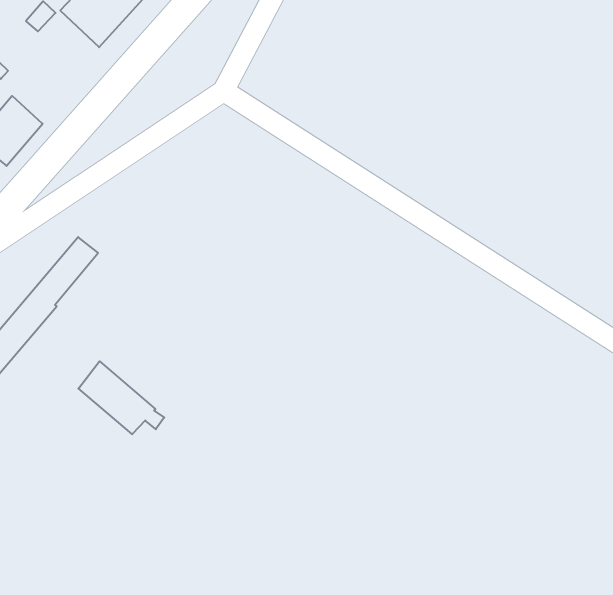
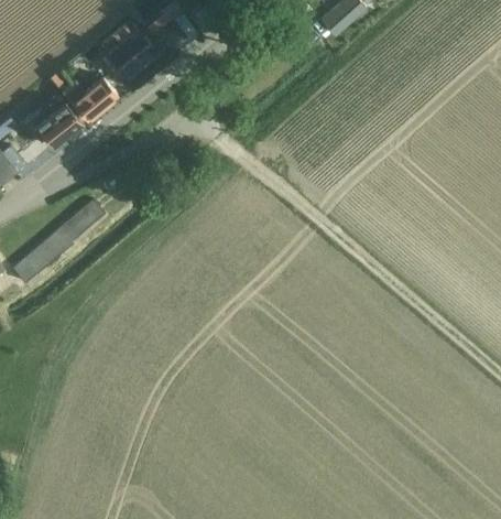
building: none -> [68,78,118,122]
building: [78,361,164,434] -> none

